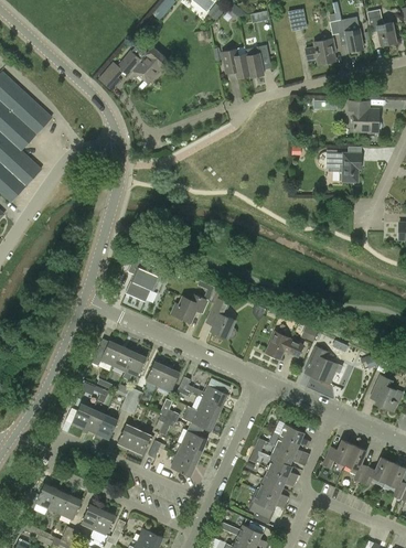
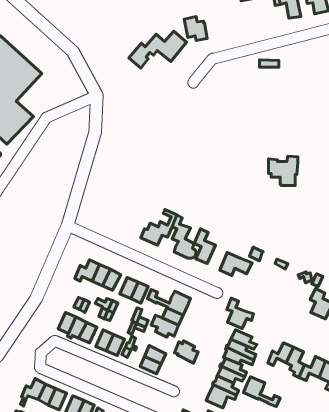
building: [306,39,335,65] -> none
building: [247,45,269,77] -> none
building: [98,47,168,92] -> [129,31,187,68]
building: [349,101,377,131] -> none
building: [325,147,361,182] -> [268,156,298,185]
building: [126,257,161,302] -> none
building: none -> [194,229,216,263]
building: [310,347,342,384] -> [227,298,253,329]
building: [178,427,206,453] -> [174,341,198,363]
building: none -> [243,377,280,407]

